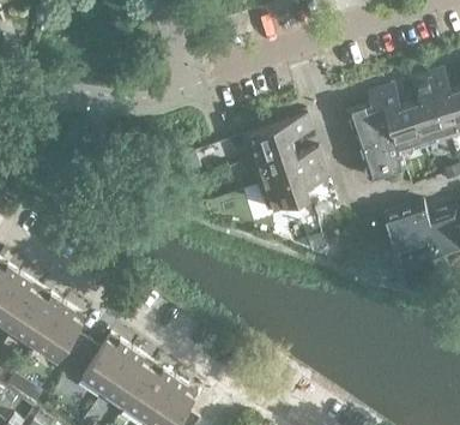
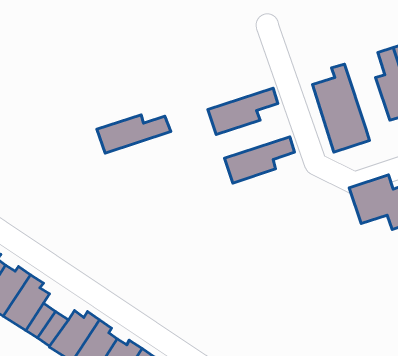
building: [376,84,422,155] -> none
building: [247,146,321,185] -> [97,115,171,153]

